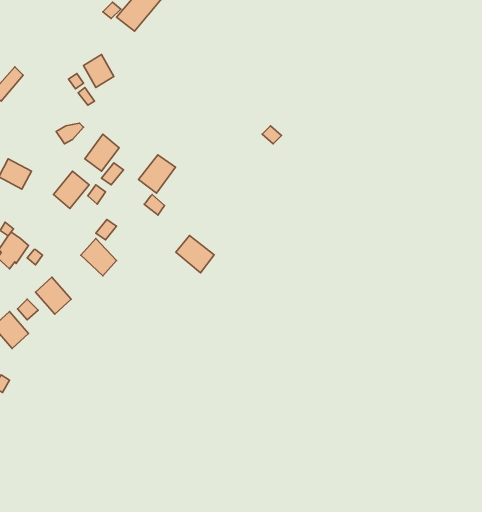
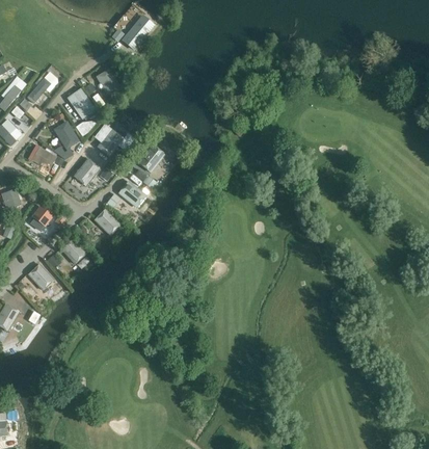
building: none -> [65,87,95,120]
building: none -> [52,120,79,149]
building: [176,236,214,273] -> [117,180,146,208]

